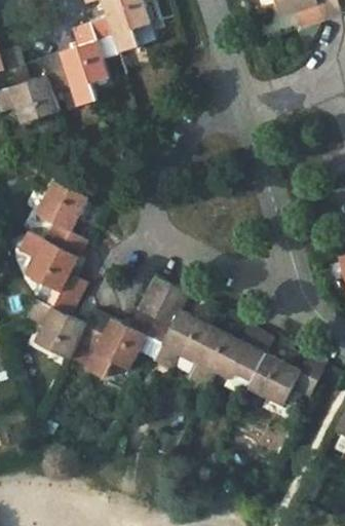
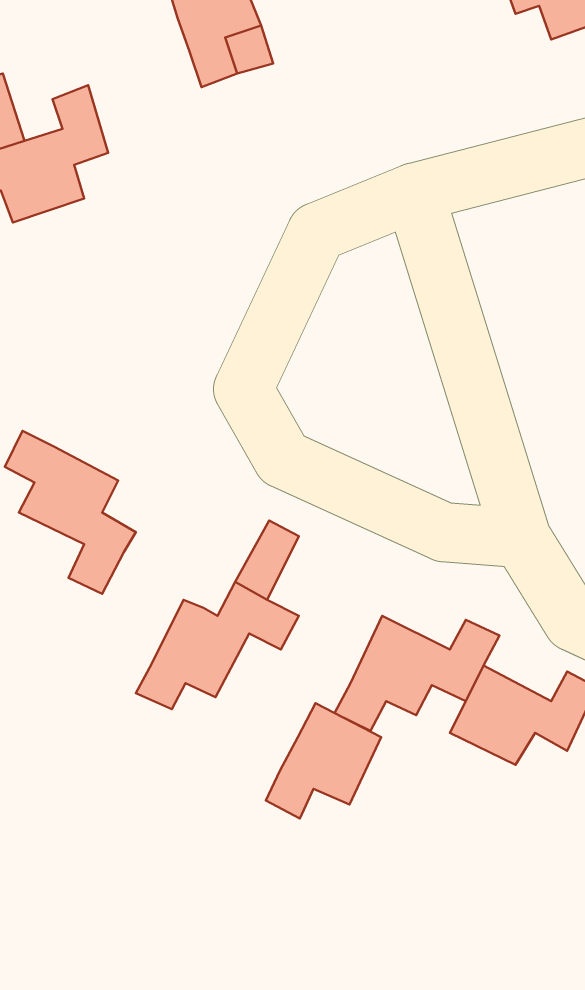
building: [61,16,113,105] -> none
building: [36,179,87,256] -> none
building: [26,299,110,356] -> none
building: [153,308,213,368] -> [266,703,381,818]

